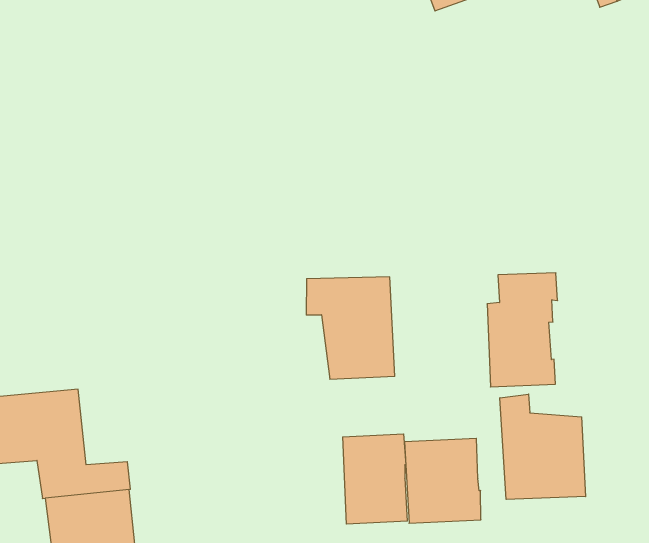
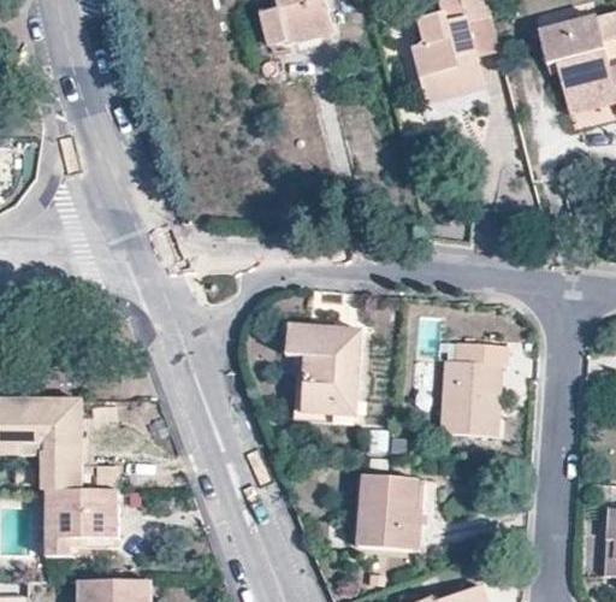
building: [500,394,586,499] -> none
building: [343,434,407,524] -> none

